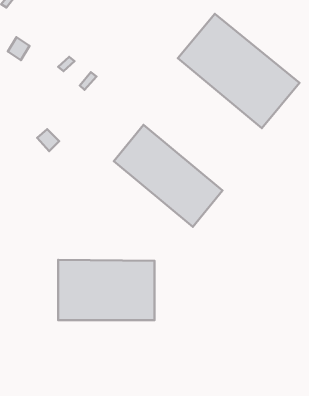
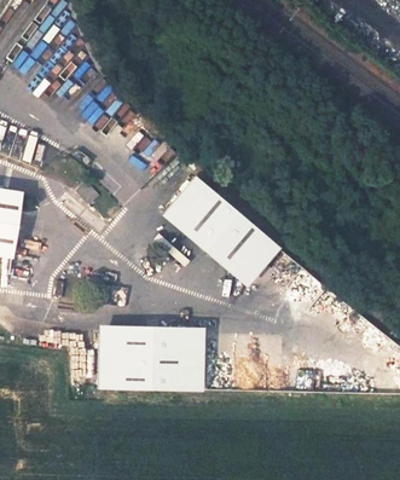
building: [178,14,300,128] -> none

